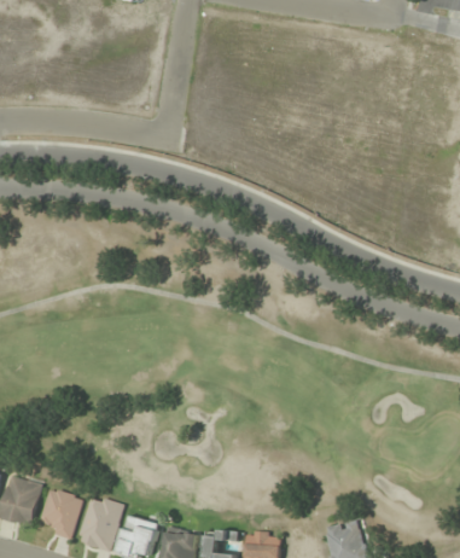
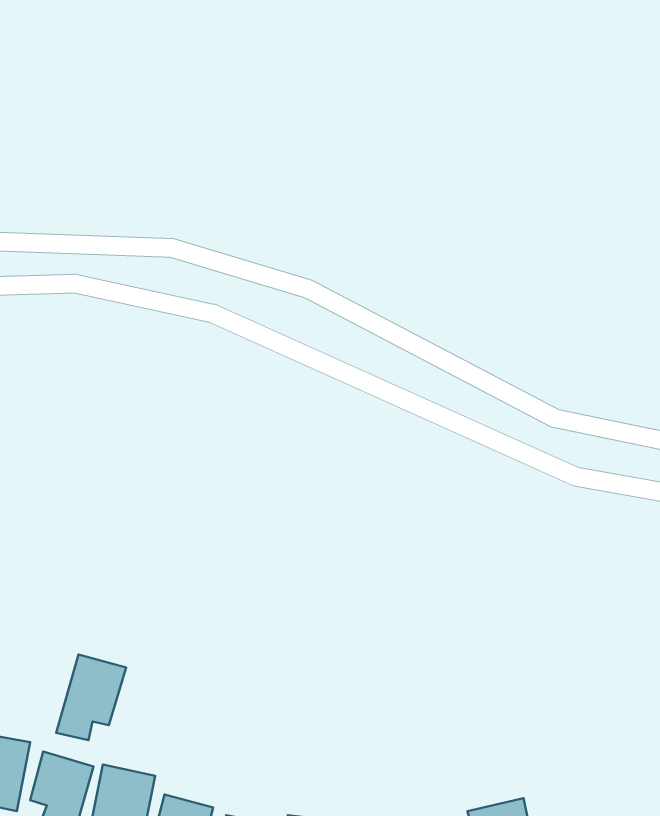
building: none -> [56,655,126,740]

